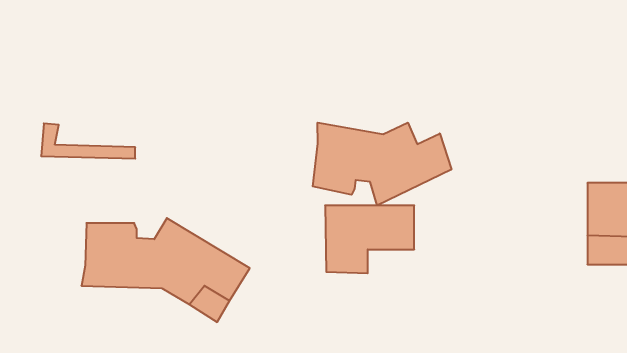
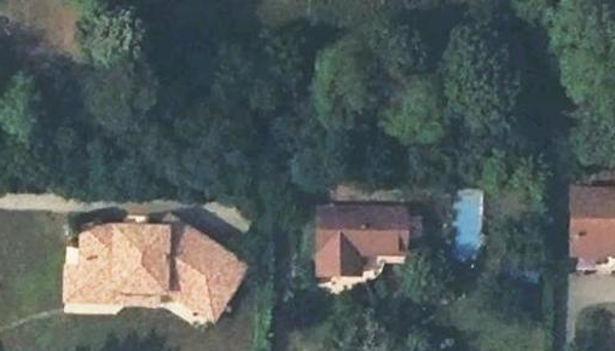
building: [313,123,451,205] -> none
building: [41,123,135,159] -> [70,264,161,298]

